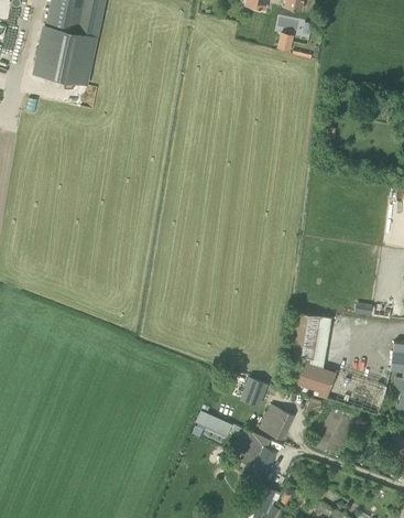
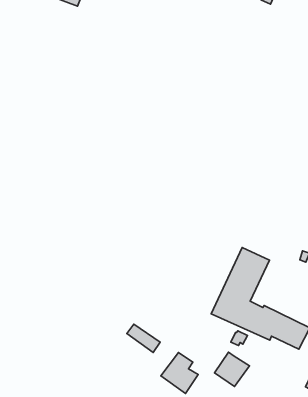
building: [241,377,267,407] -> none
building: [260,404,295,440] -> [215,352,249,387]

